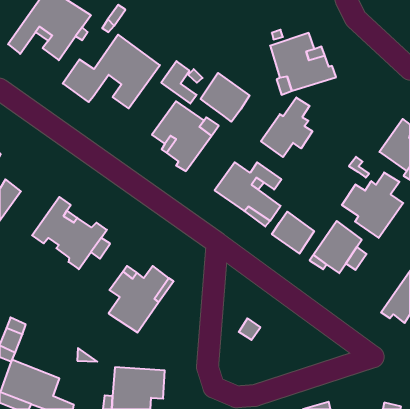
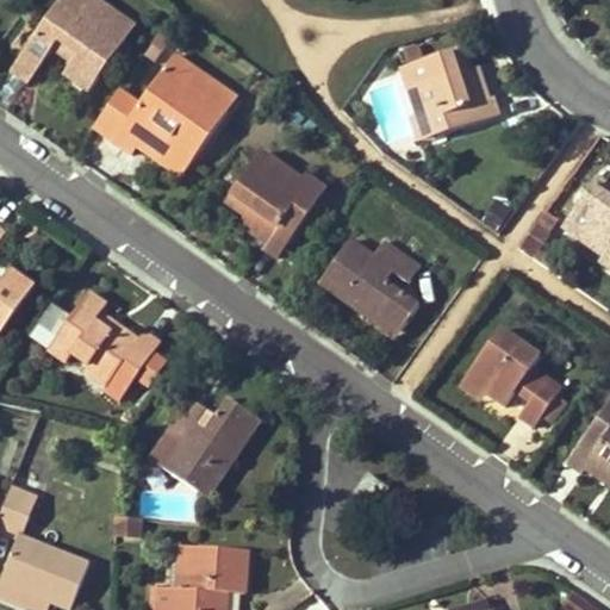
building: [161,61,197,104] -> [138,111,191,174]
building: [201,73,250,122] -> none
building: [261,97,312,157] -> none
building: [342,172,403,238] -> none
building: [272,212,314,254] -> none
building: none -> [517,376,562,427]

